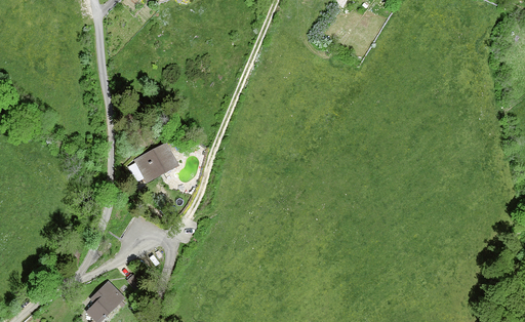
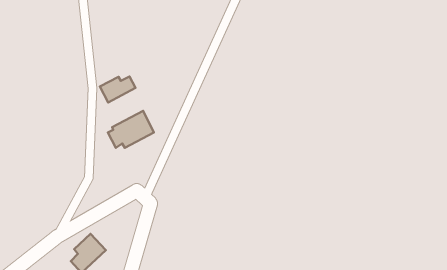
building: none -> [100,76,136,103]

